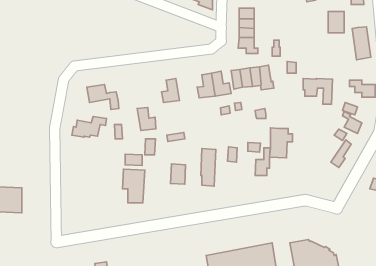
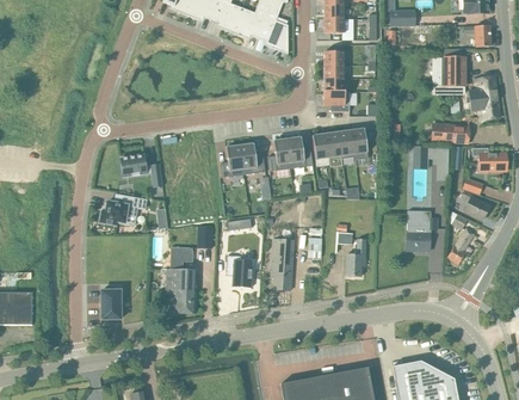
building: none -> [431,122,469,143]
building: [137,107,156,131] -> [239,143,264,174]
building: [270,128,293,158] -> [406,209,437,250]
building: none -> [100,289,119,318]

